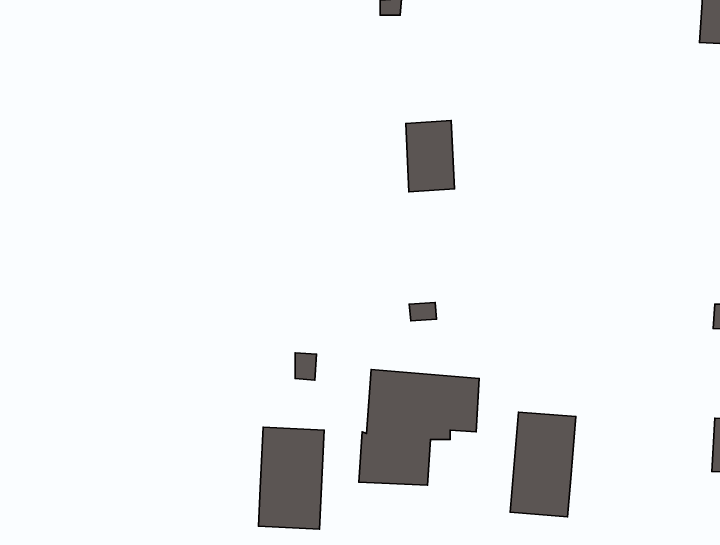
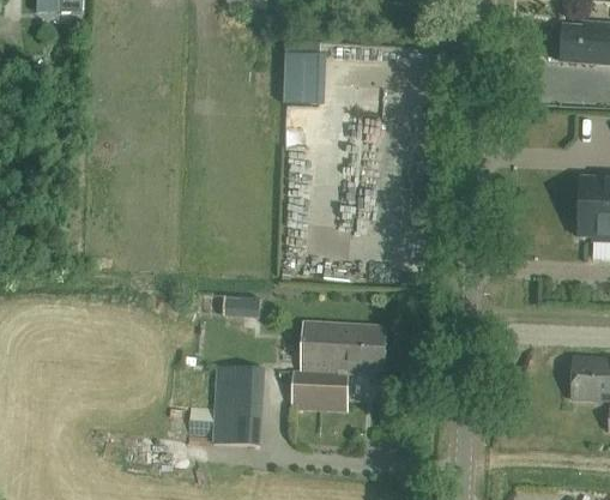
building: [406,121,454,192] -> [290,48,328,104]
building: [510,412,576,517] -> none

